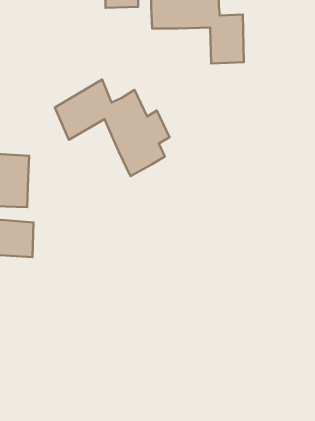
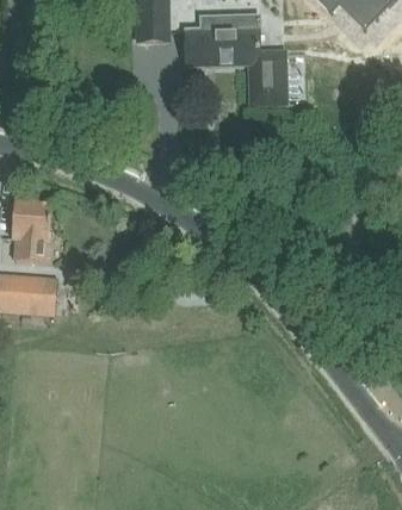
building: [55,80,169,176] -> none

